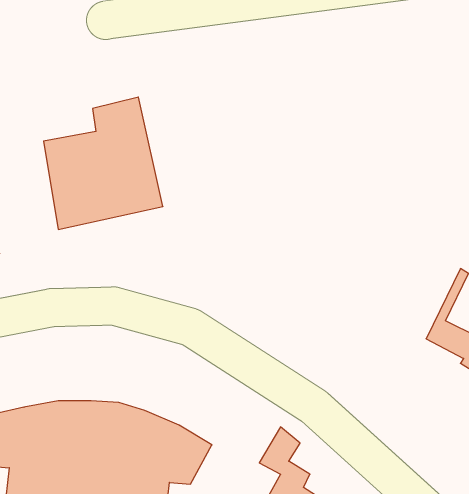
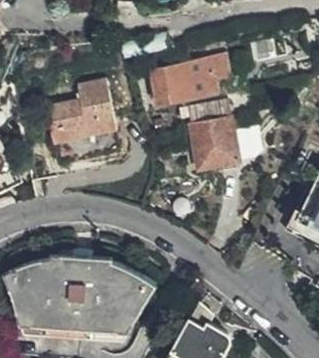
building: none -> [152,51,230,101]
building: none -> [179,101,262,169]

